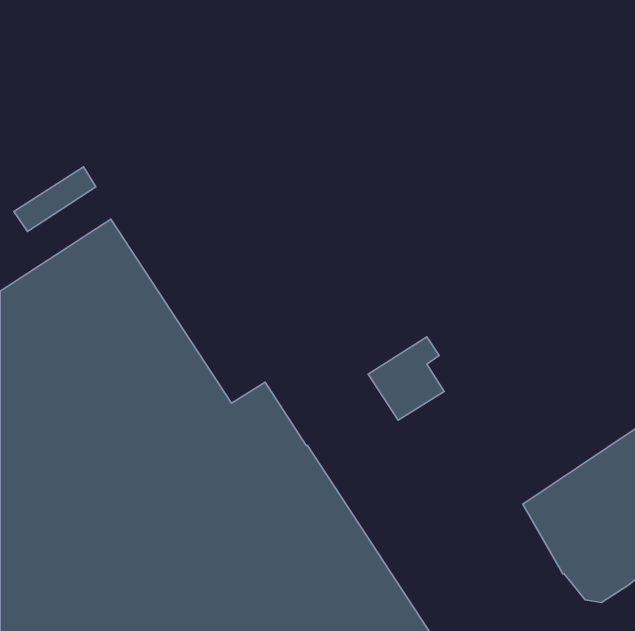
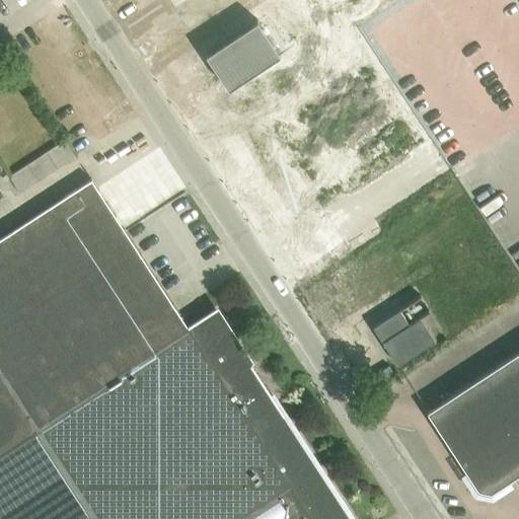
building: none -> [206,23,280,92]
building: [368,337,444,420] -> [373,300,435,368]

